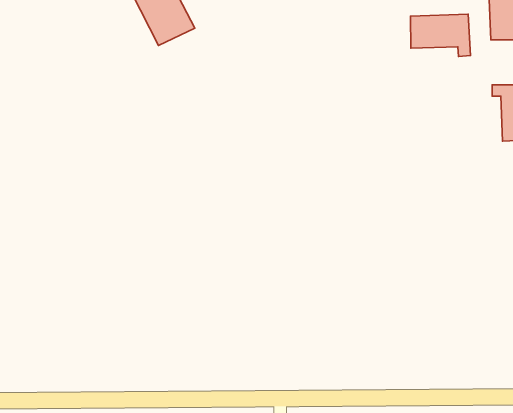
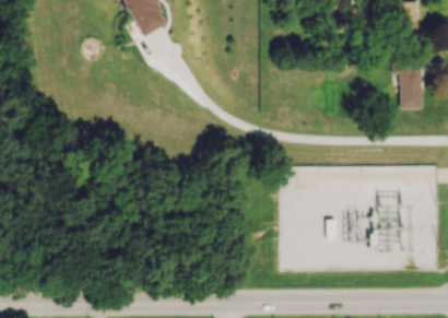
building: [411,14,471,56] -> none

